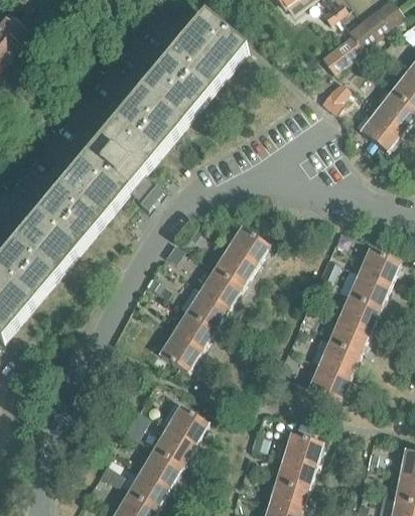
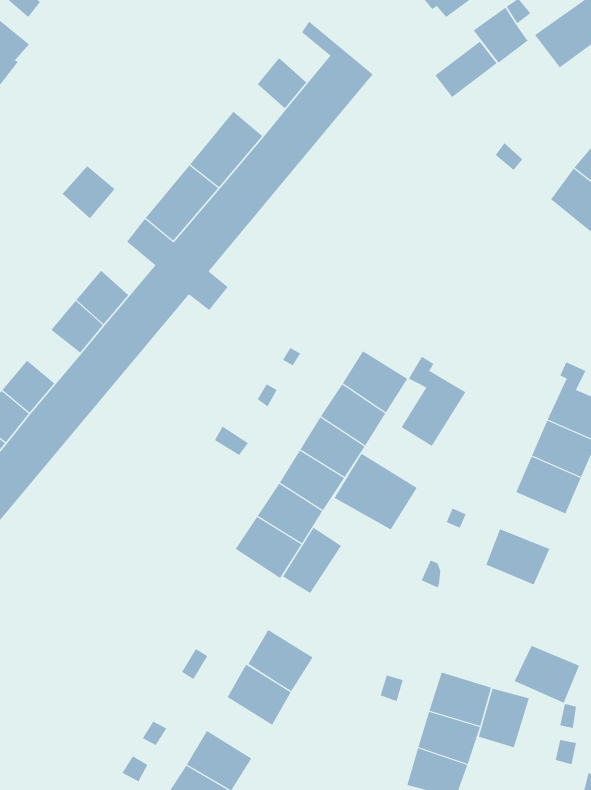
building: [186,22,219,54] -> none
building: [321,34,362,71] -> [435,41,498,98]
building: [157,55,190,89] -> none
building: [73,156,107,190] -> [62,165,115,219]
building: [25,213,59,247] -> none
building: none -> [401,356,466,447]
building: none -> [334,453,417,530]
building: [327,316,370,353] -> none
building: none -> [282,527,342,594]
building: [307,363,350,400] -> [514,645,580,703]
building: none -> [478,688,529,748]
building: [140,447,182,487] -> none

